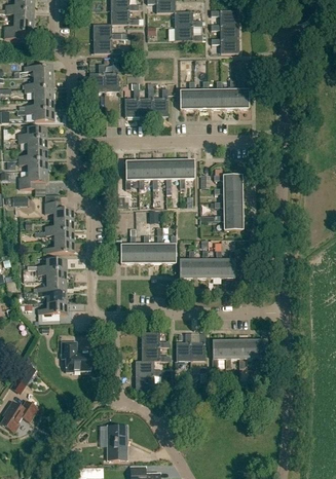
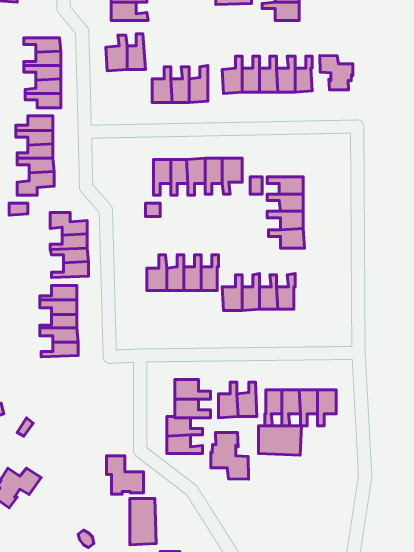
building: none -> [320,56,353,90]
building: [62,341,90,371] -> [106,456,143,494]
building: none -> [258,426,302,455]
building: none -> [211,432,248,479]

